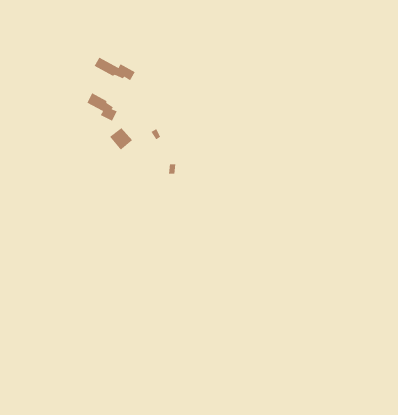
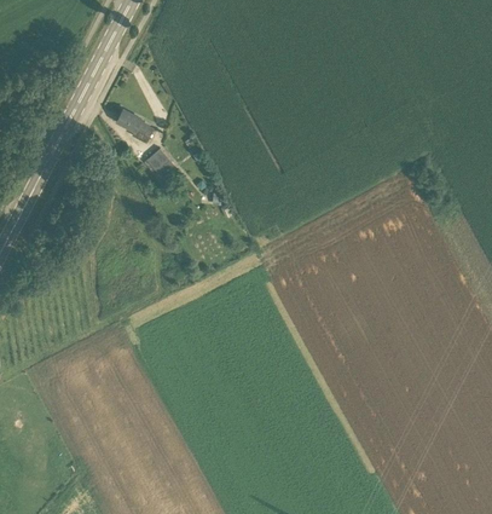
building: [94,57,135,81] -> none

